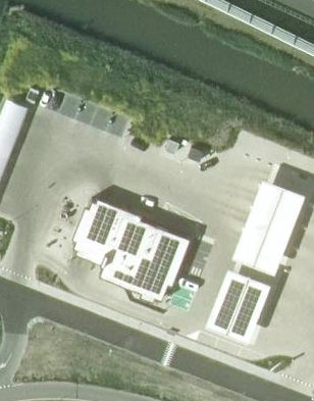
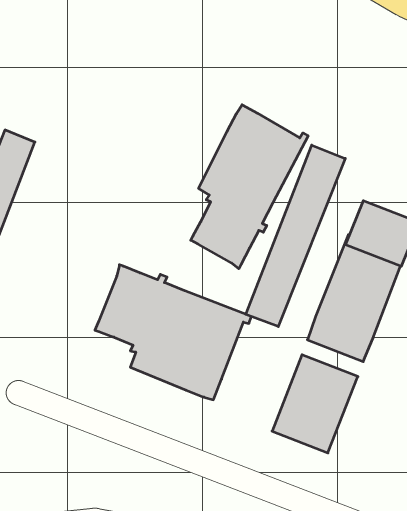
building: none -> [191,105,308,269]
building: none -> [246,145,345,327]

